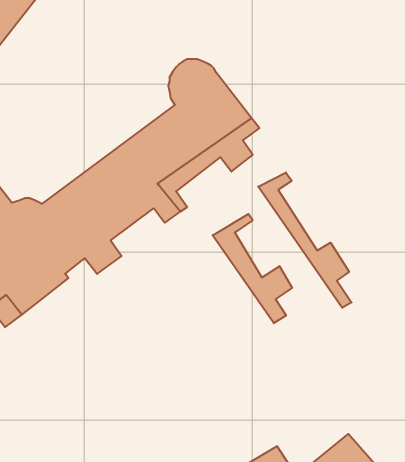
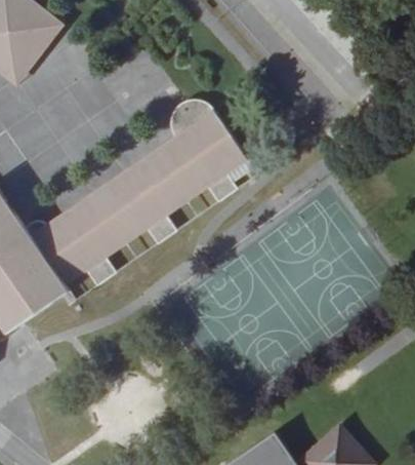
building: [258,172,352,308] -> none
building: [213,214,292,323] -> none

